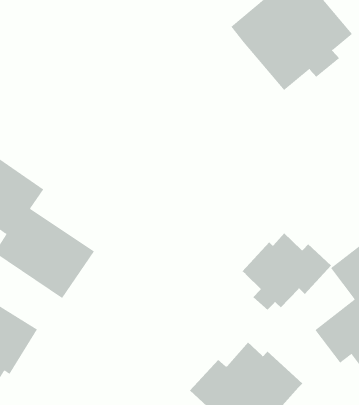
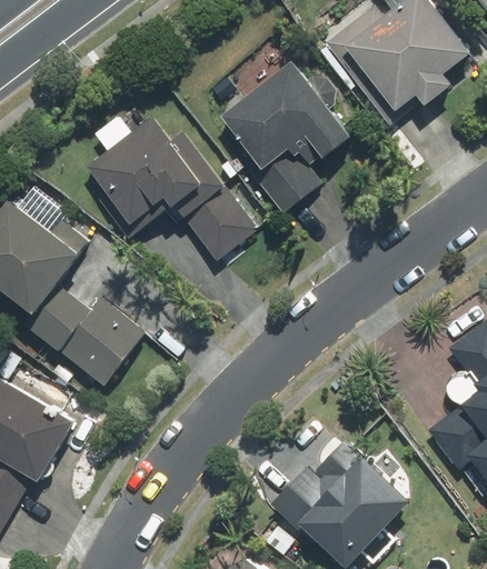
building: none -> [225,58,358,217]
building: none -> [87,116,257,263]
building: [241,233,332,311] -> none

